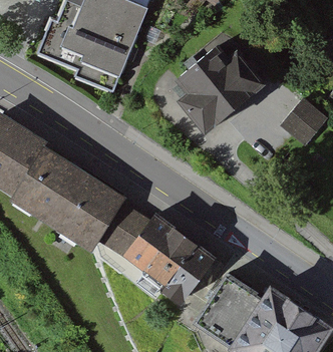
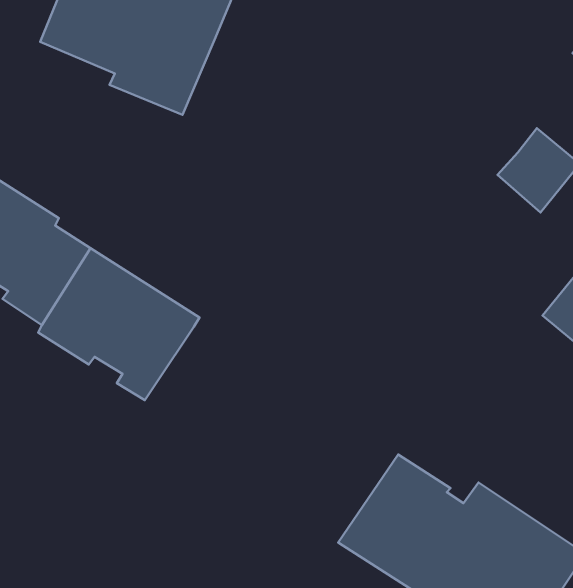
building: [178,45,264,131] -> none
building: [99,205,218,301] -> none

